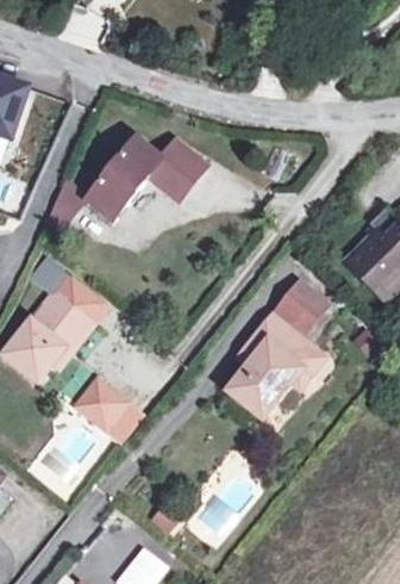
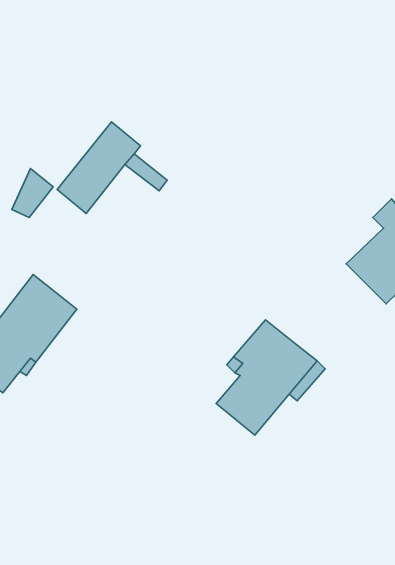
building: [155,141,204,188] -> none
building: [273,281,327,336] -> none
building: [75,380,143,442] -> none

